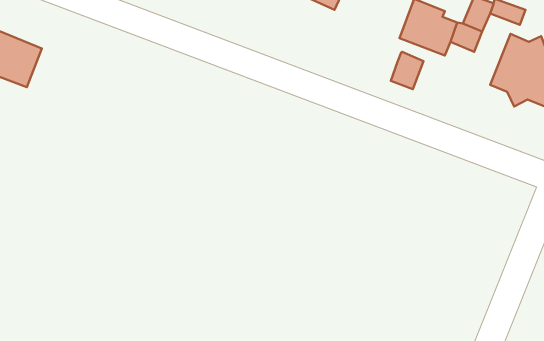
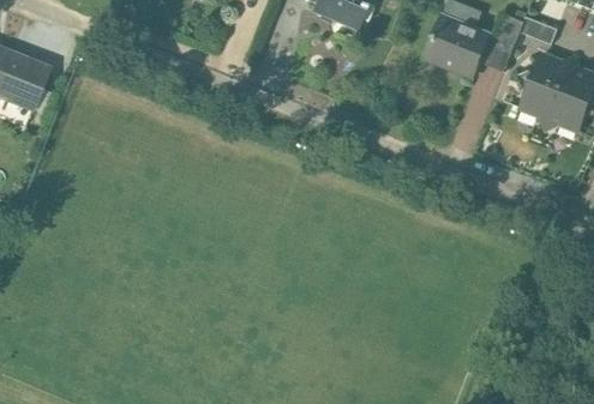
building: [391,52,424,89] -> none

